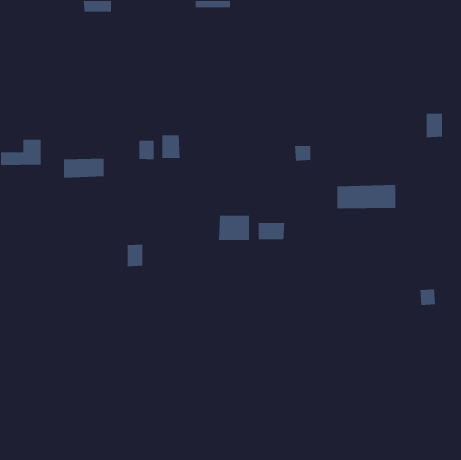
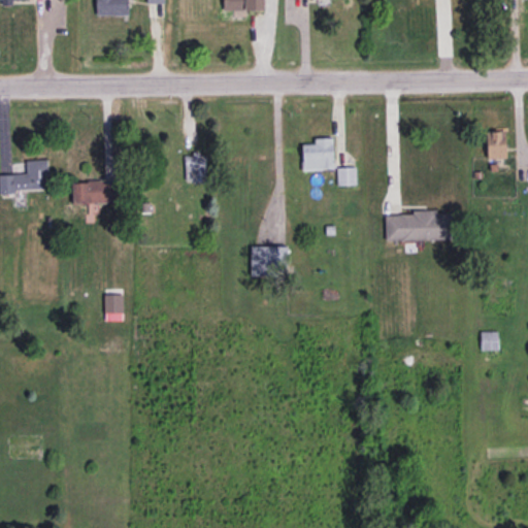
building: none -> [301,138,333,169]
building: [138,140,154,160] -> none
building: [258,222,285,240] -> none
building: [127,244,143,267] -> [104,294,123,321]

